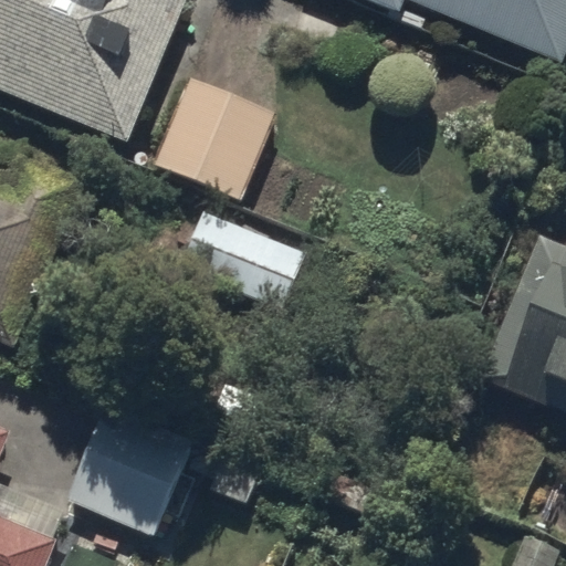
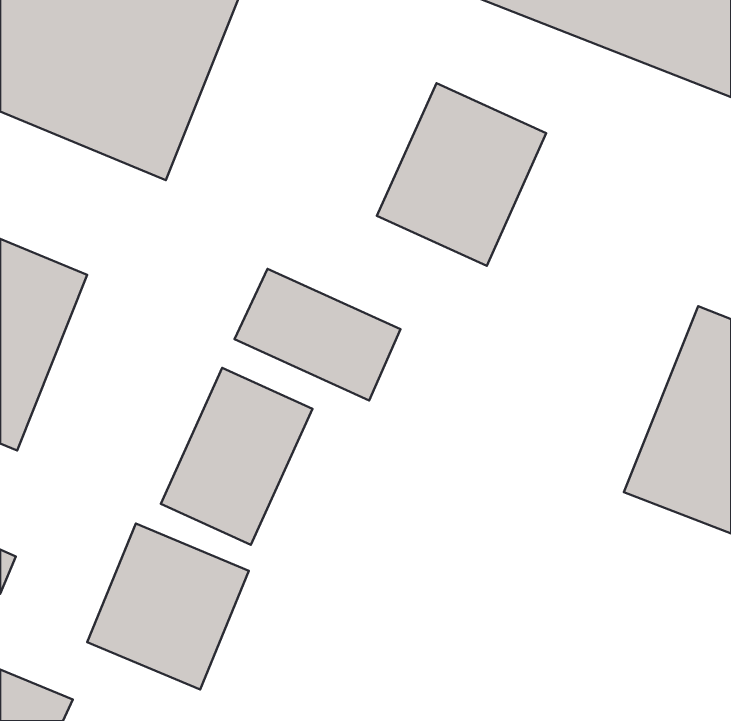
building: none -> [377,83,546,266]
building: [151,77,277,200] -> none
building: none -> [161,368,312,545]

